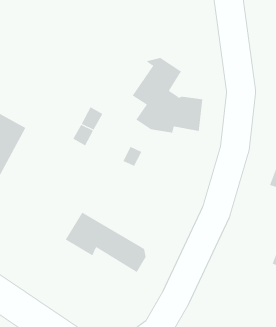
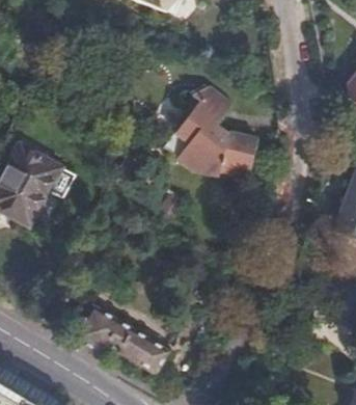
building: [65,212,147,273] -> [75,304,166,373]

